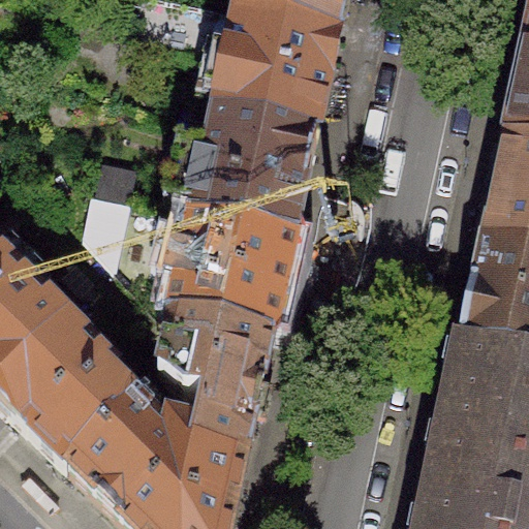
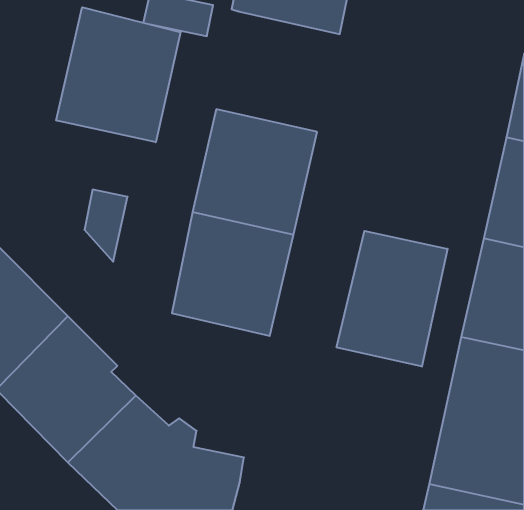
building: none -> [56,7,180,142]
building: [217,11,341,132] -> none
building: none -> [337,231,448,367]
building: [160,314,271,459] -> none

